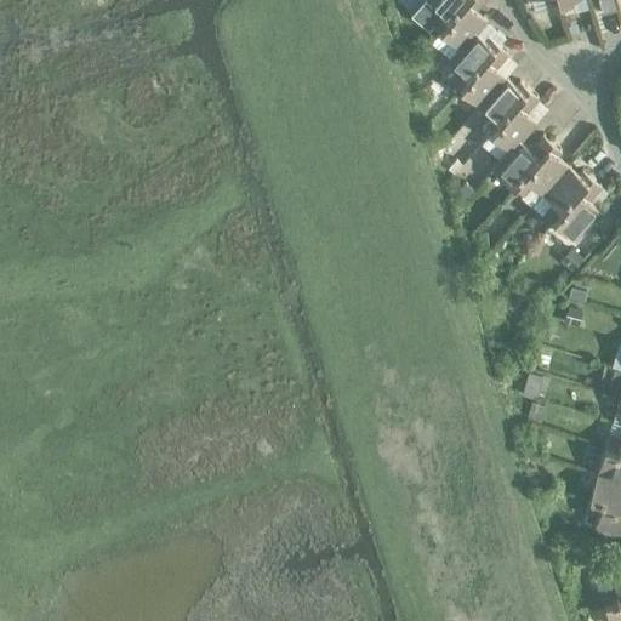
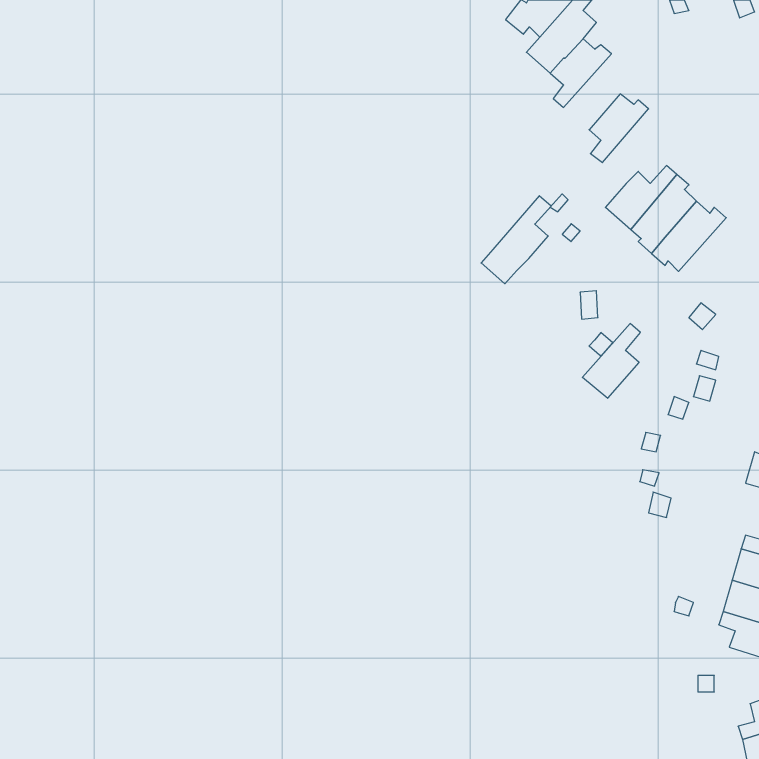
building: [461,46,508,108] -> none
building: [483,91,540,163] -> [481,196,551,284]
building: [554,180,602,240] -> [582,324,640,398]

